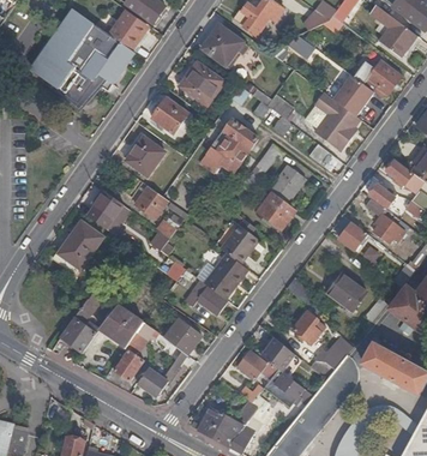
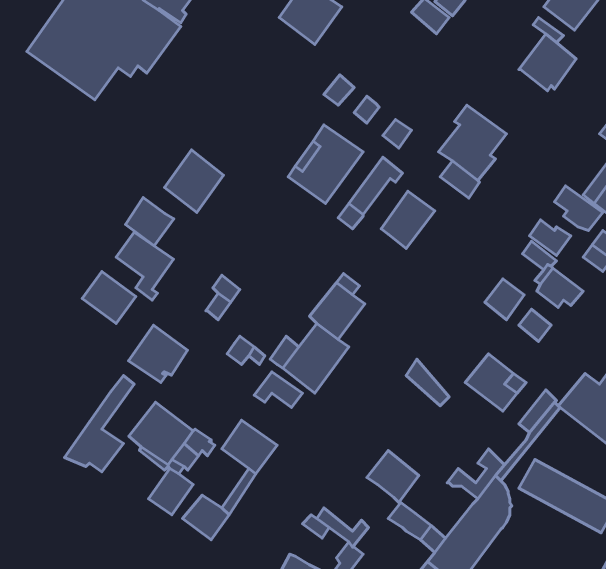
building: [180,62,224,106] -> none
building: [332,76,374,118] -> none
building: [151,98,188,134] -> none
building: [136,186,168,218] -> [125,198,174,246]
building: [259,193,295,229] -> none
building: [53,236,92,275] -> [129,325,188,382]
building: [293,312,325,344] -> none
building: [237,348,278,380] -> none

